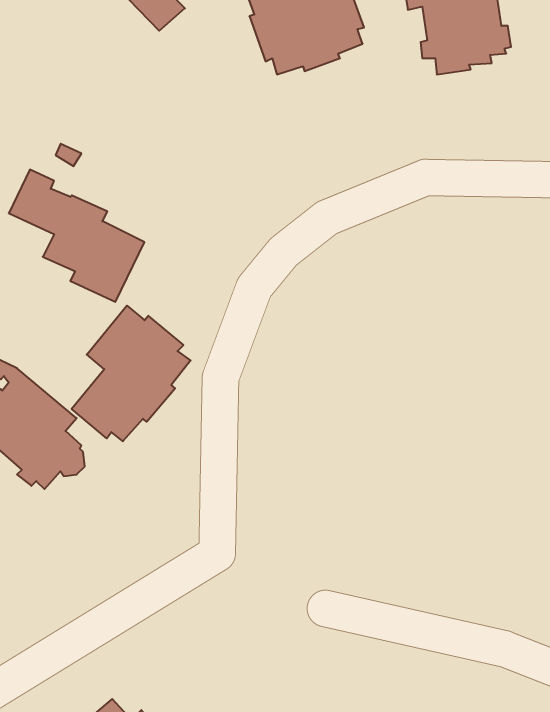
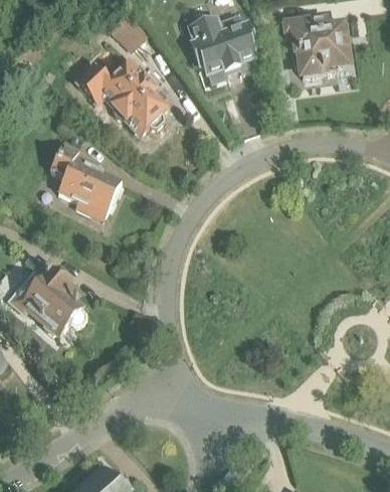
building: none -> [78,66,169,134]
building: [72,306,191,441] -> none

